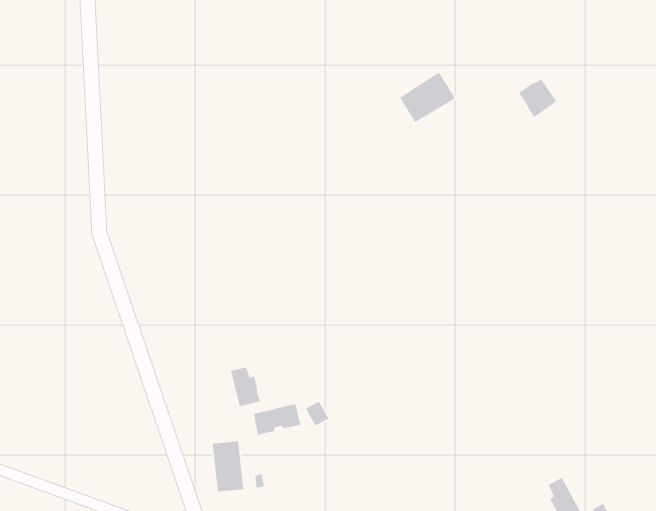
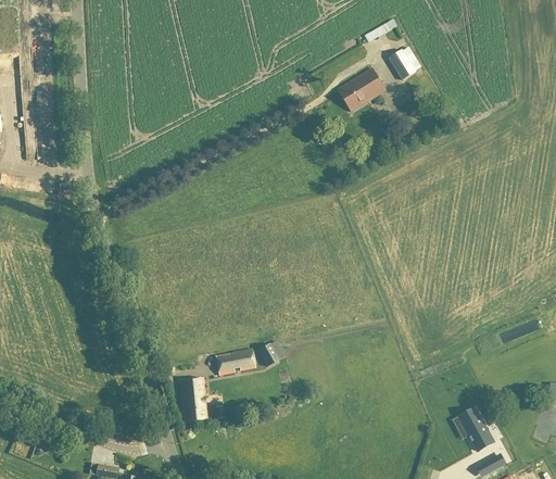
building: [518,78,557,118] -> [389,47,421,80]
building: [230,367,261,407] -> none

